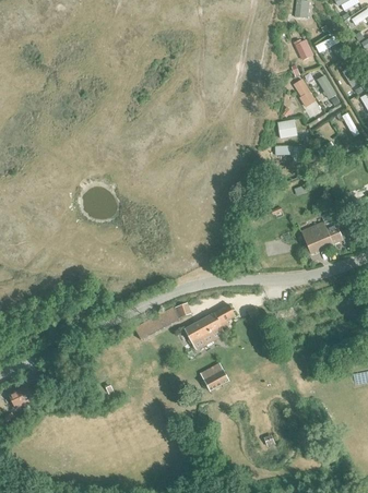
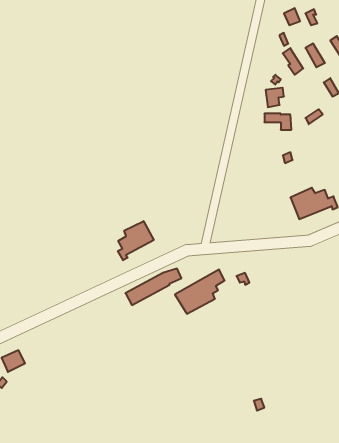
building: none -> [118,221,154,260]
building: [200,363,229,392] -> none

